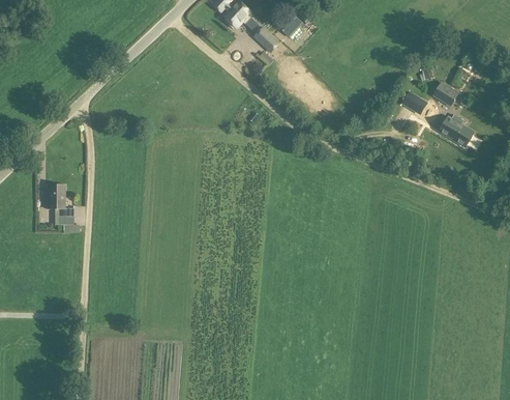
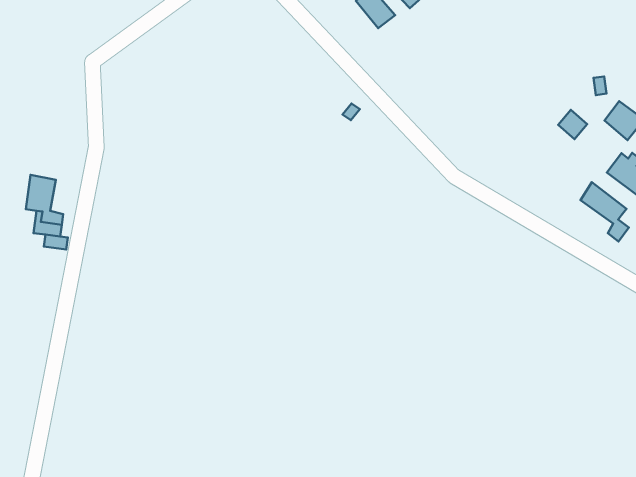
building: none -> [580,182,629,241]

